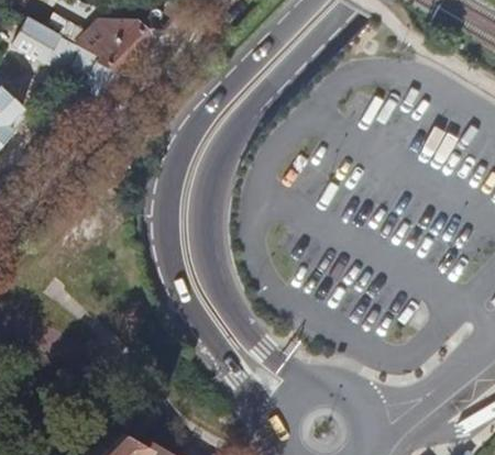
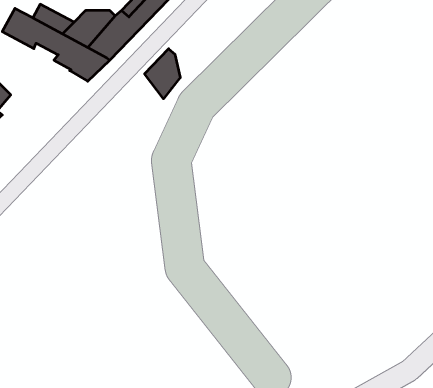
building: none -> [145,49,180,99]

